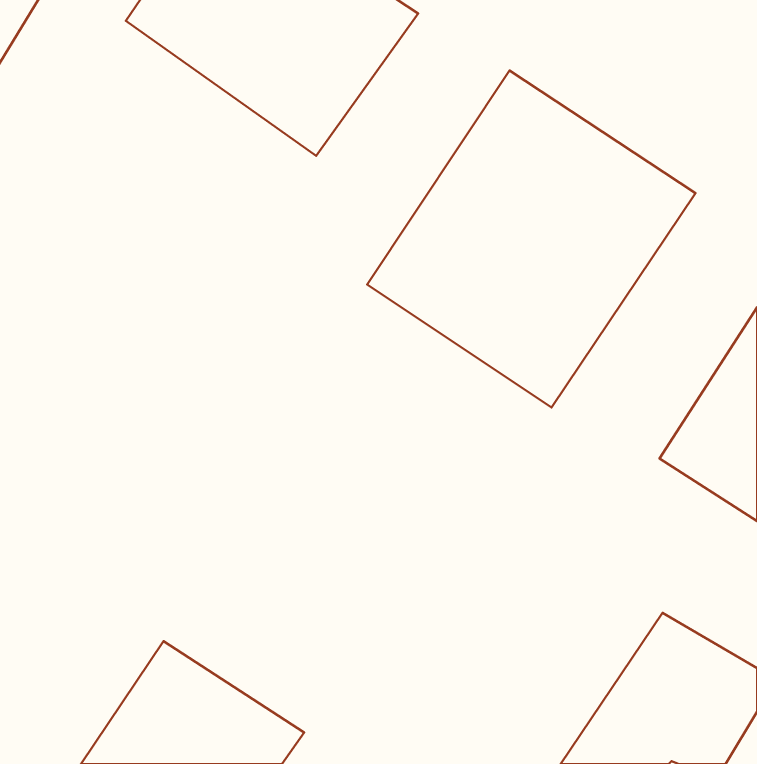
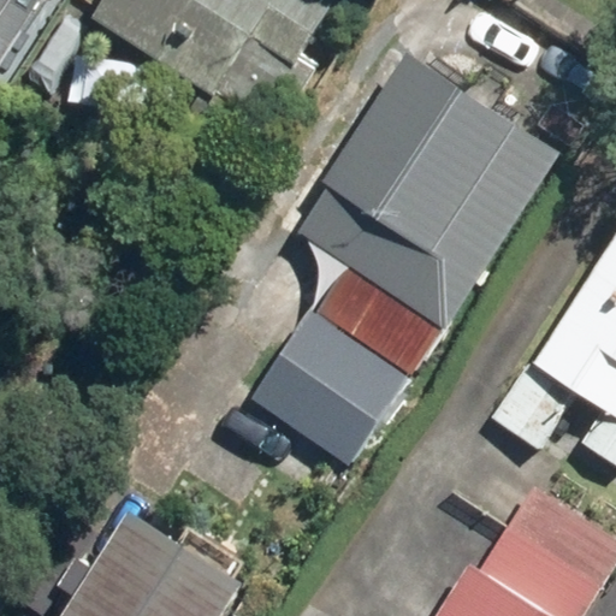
building: none -> [251,315,401,461]

